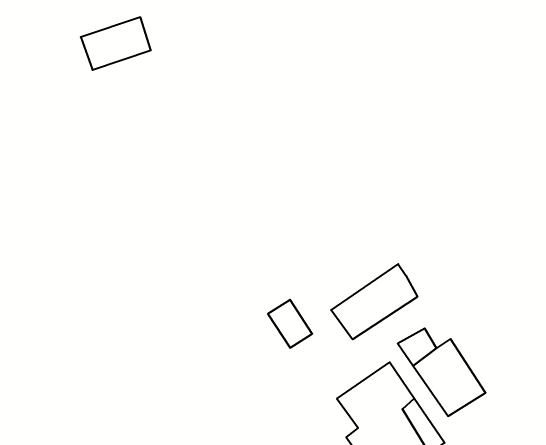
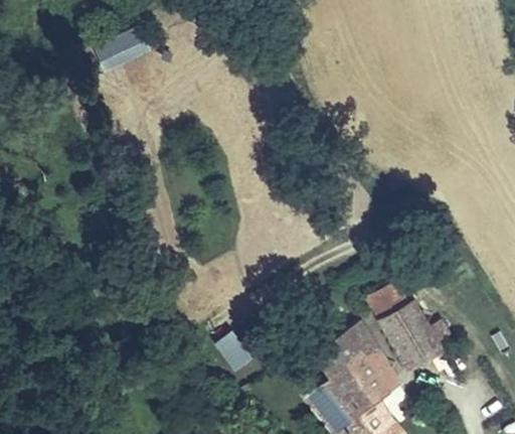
building: [331,264,417,339] -> none
building: [268,300,312,348] -> [219,327,258,369]

